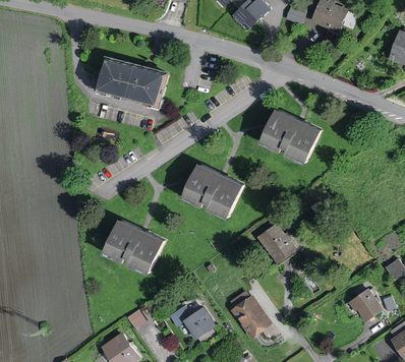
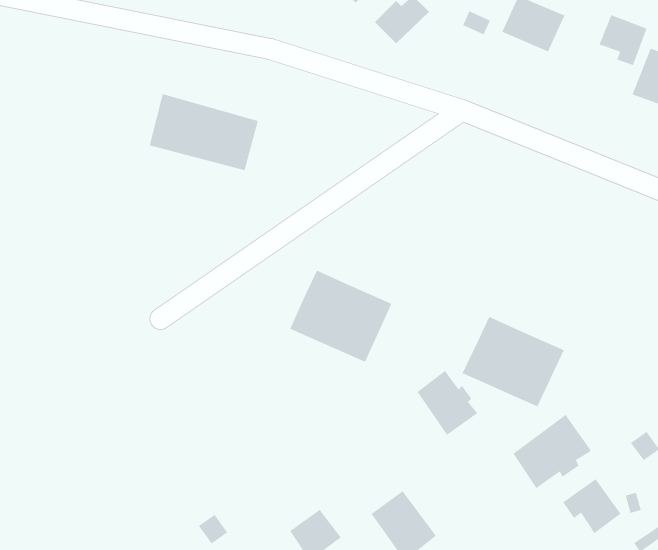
building: none -> [598,14,648,66]
building: [259,109,322,164] -> [462,316,565,408]
building: [104,219,165,274] -> none
building: none -> [512,414,592,489]

